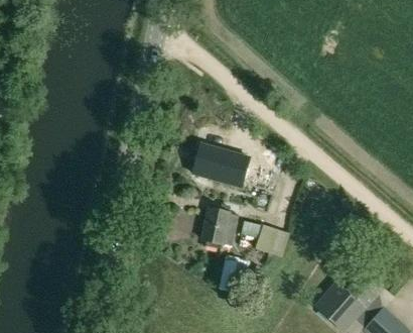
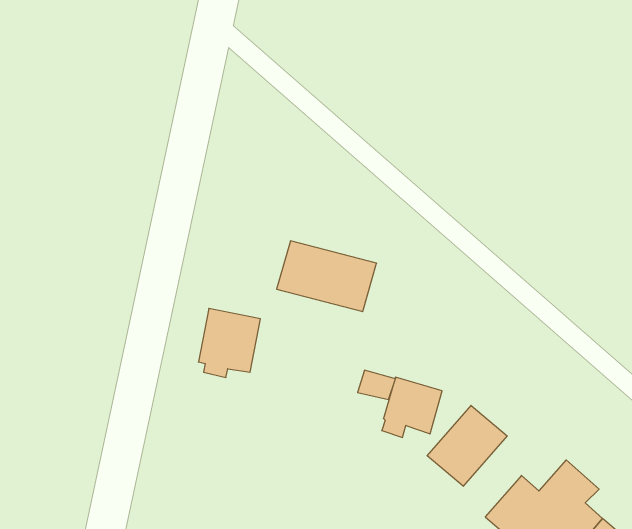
building: [201,208,238,248] -> [198,308,260,377]
building: none -> [427,405,507,486]

